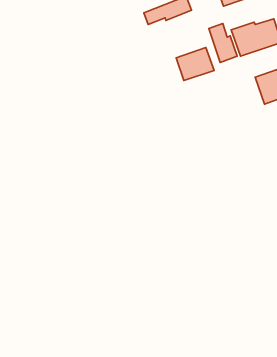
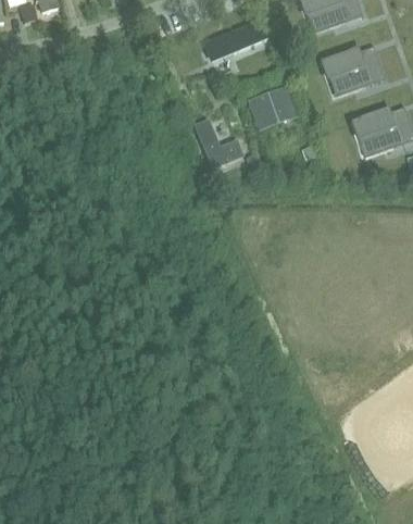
building: [209,24,237,62] -> none
building: none -> [195,116,245,167]

